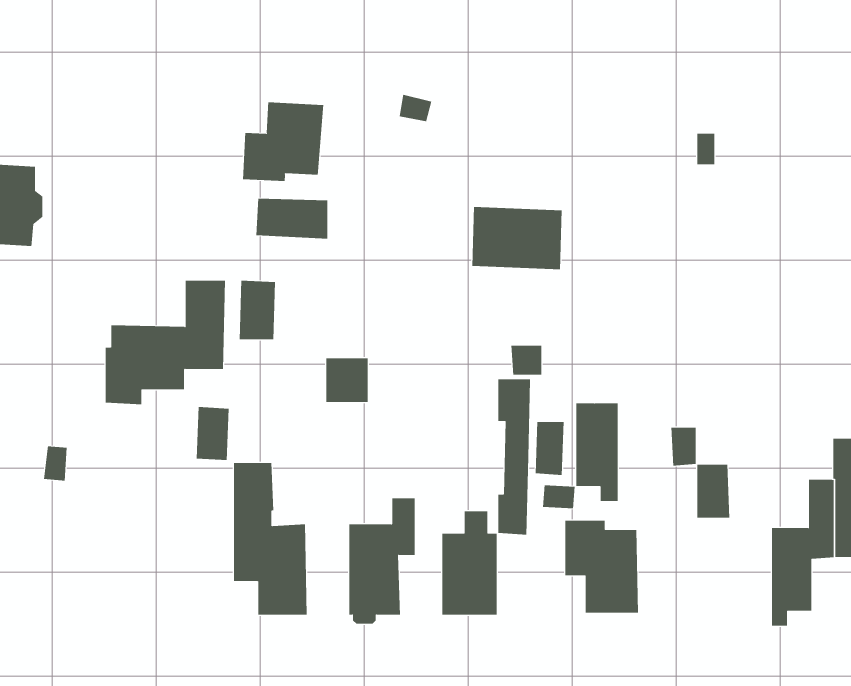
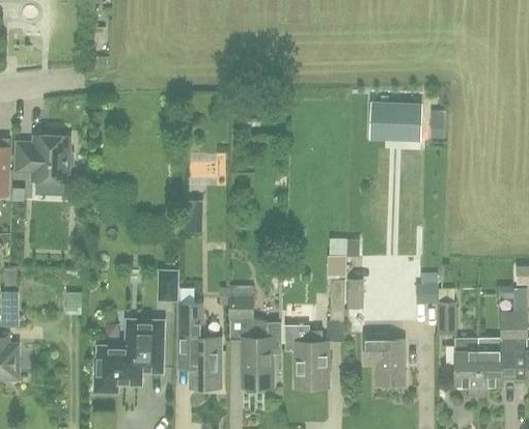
building: [243,102,324,182] -> none
building: [471,207,563,270] -> [369,105,420,140]
building: [105,280,226,405] -> [95,321,163,391]
building: [326,358,368,403] -> [228,295,252,320]
building: [576,403,618,502] -> [454,339,478,394]

